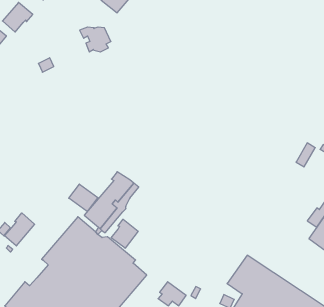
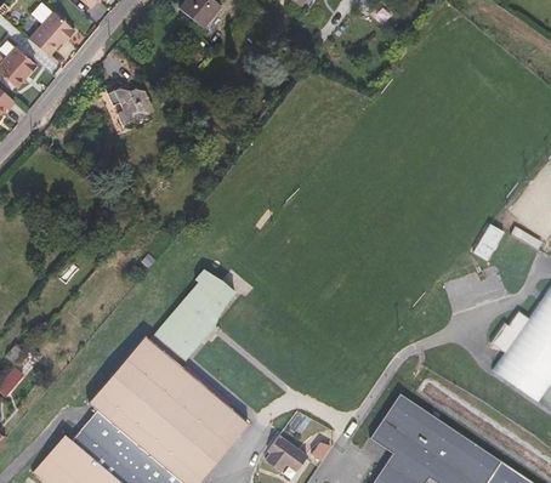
building: [80,27,111,52] -> [107,89,154,126]
building: [69,184,98,212] -> none
building: [4,213,35,246] -> none
building: [111,219,138,248] -> none

